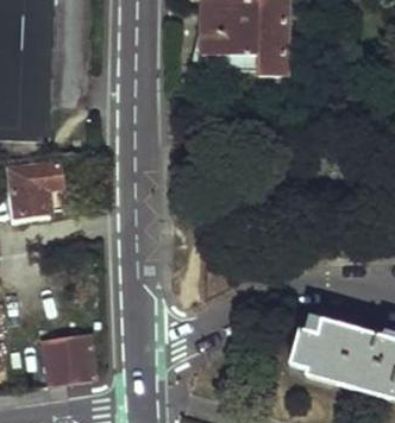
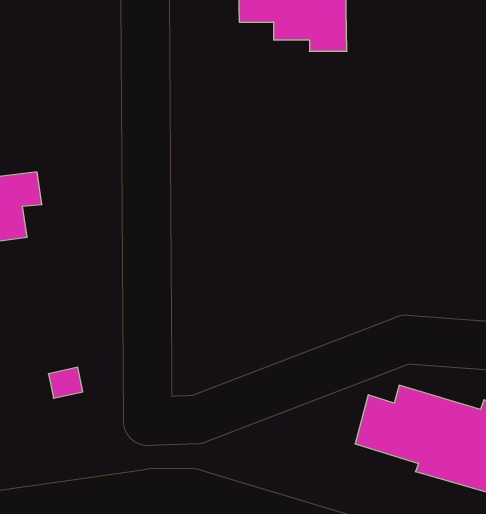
building: [43,334,95,386] -> none

